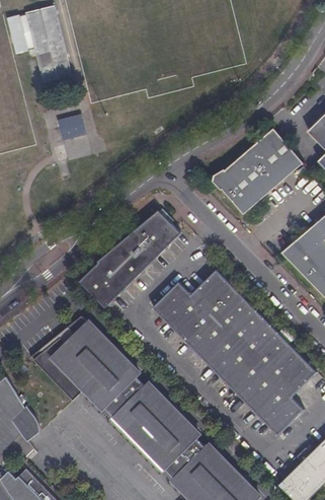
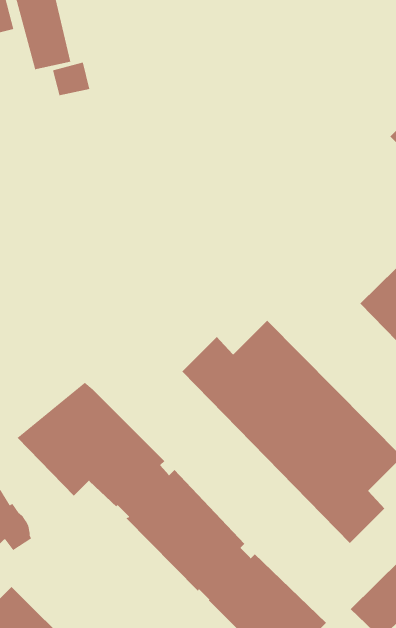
building: [57,116,85,141] -> [52,62,90,96]
building: [214,128,303,214] -> none
building: [76,209,177,304] -> none

